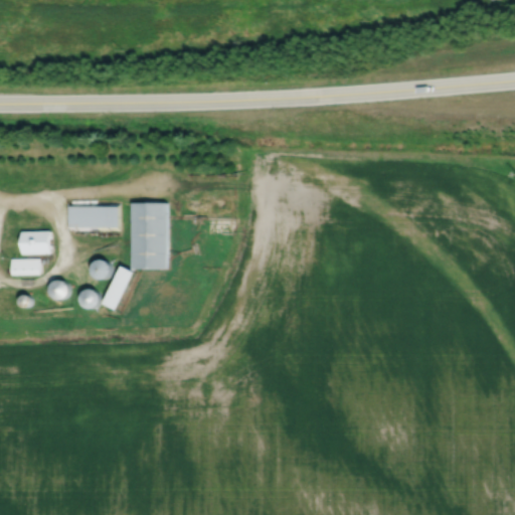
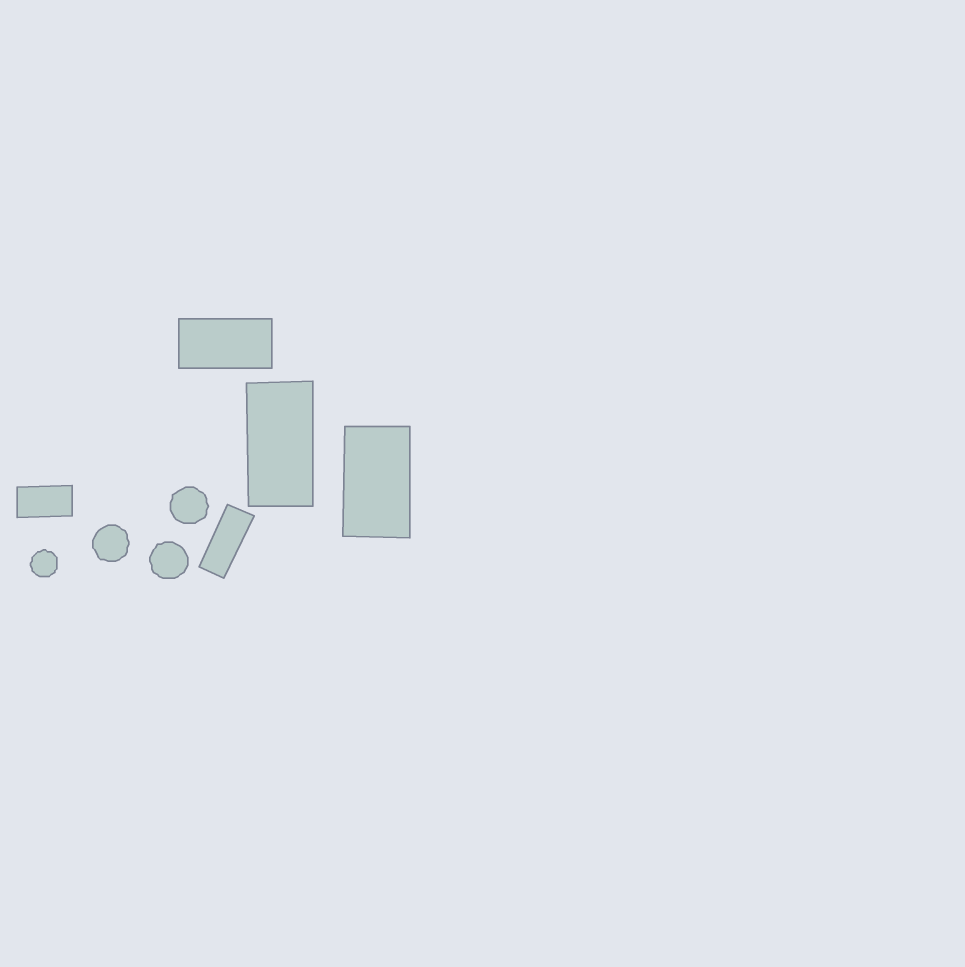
building: [68,203,118,229] -> [179,319,272,368]
building: none -> [343,427,410,538]
building: [20,231,49,254] -> none

